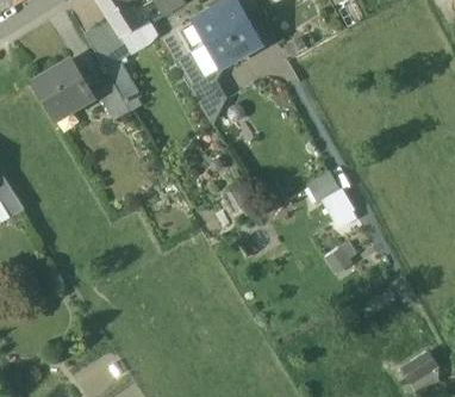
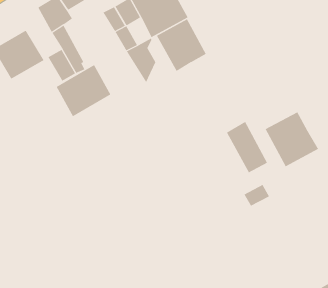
building: none -> [156,18,207,72]
building: none -> [56,64,111,117]
building: none -> [265,111,319,167]

